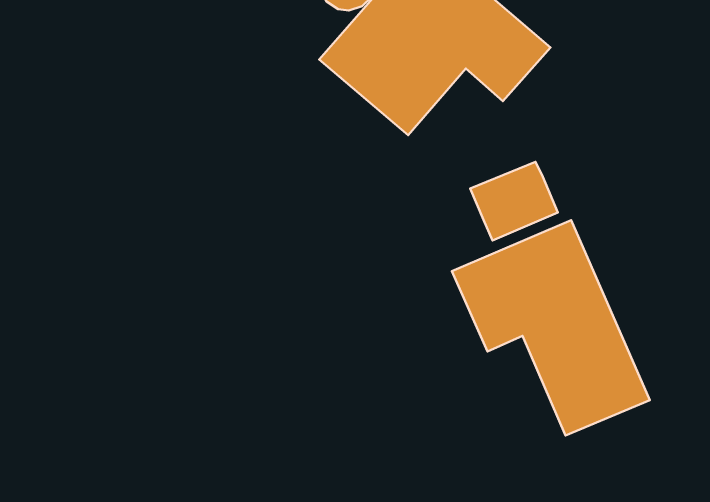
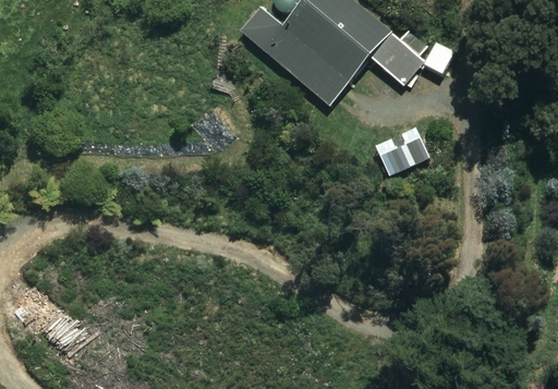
building: [452,220,650,435] -> none

